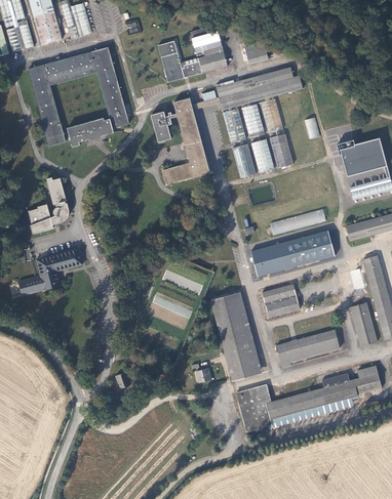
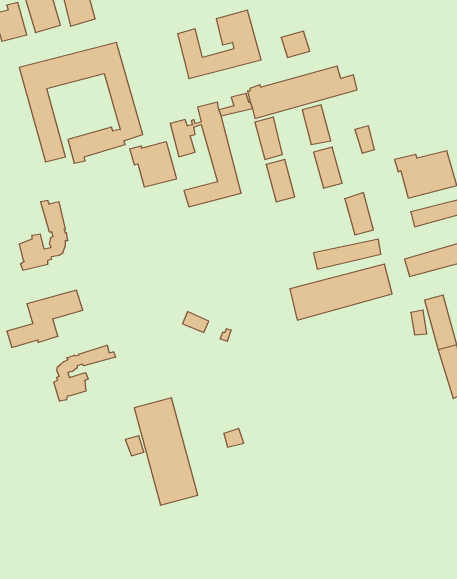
building: [240,103,263,138] -> none
building: none -> [130,142,177,187]
building: [249,138,273,173] -> [345,192,373,235]
building: [261,284,298,318] -> none
building: [209,292,262,380] -> [134,398,198,505]
building: none -> [54,345,116,401]
building: [347,303,376,346] -> none
building: [275,328,343,370] -> none
building: [236,362,382,428] -> none

